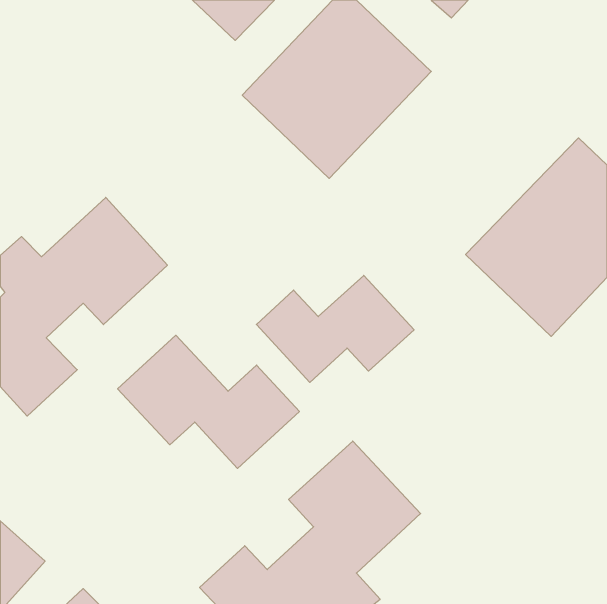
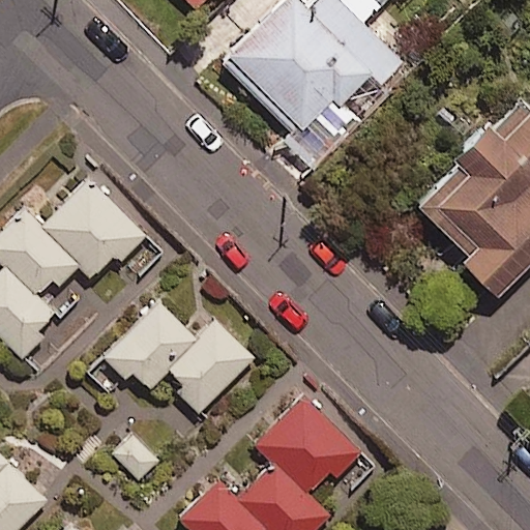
building: [256,275,414,382] -> none

